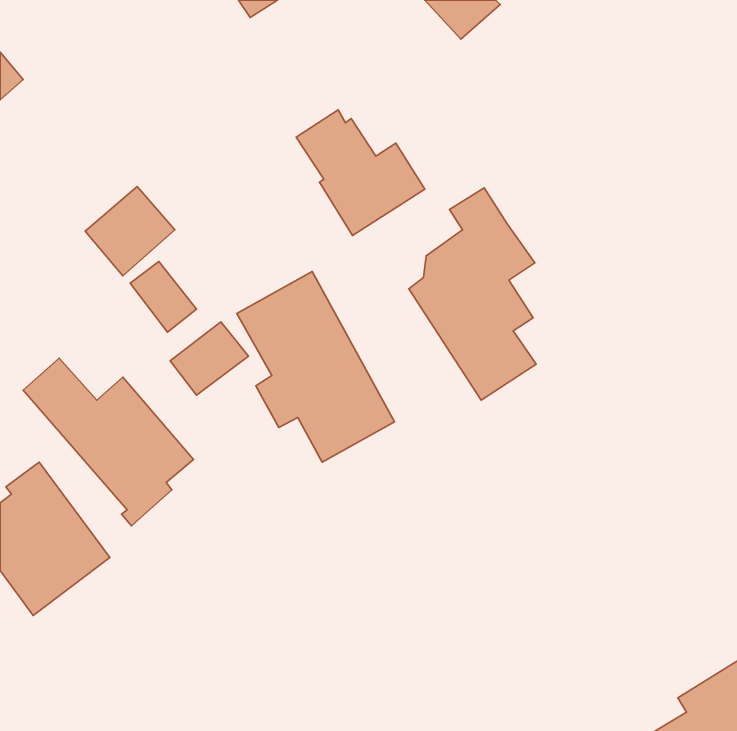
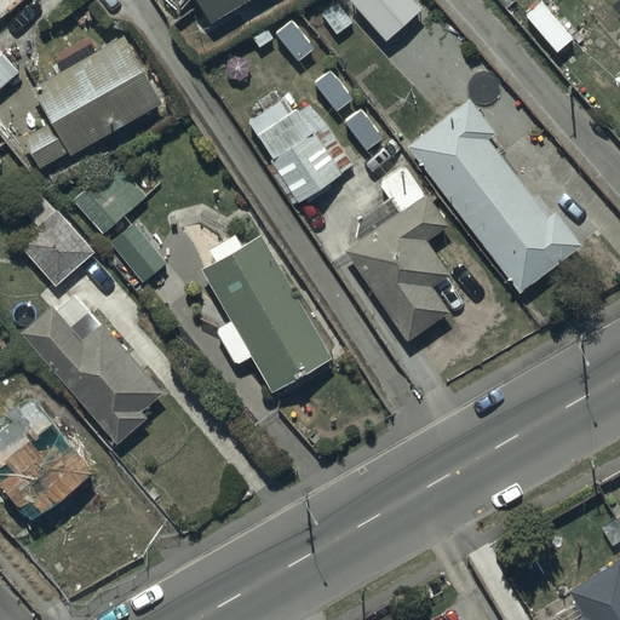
building: none -> [21,33,163,166]
building: none -> [404,97,580,293]
building: none -> [13,208,98,288]
building: [170,322,248,395] -> none

